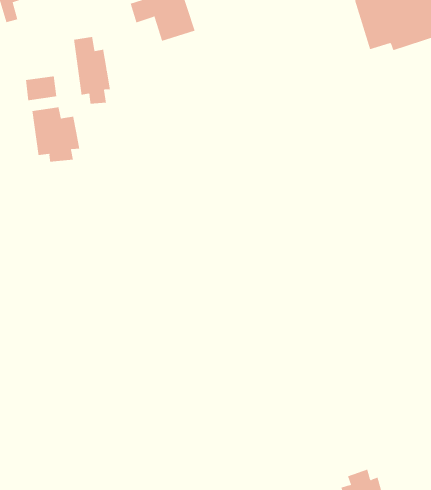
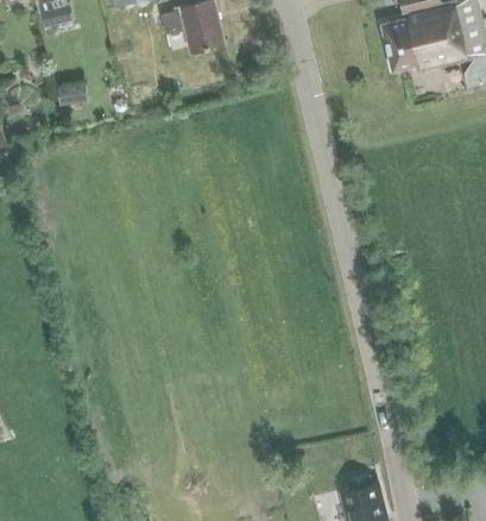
building: [73,36,110,104] -> none
building: [32,106,80,163] -> none

